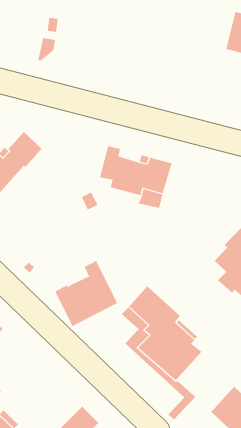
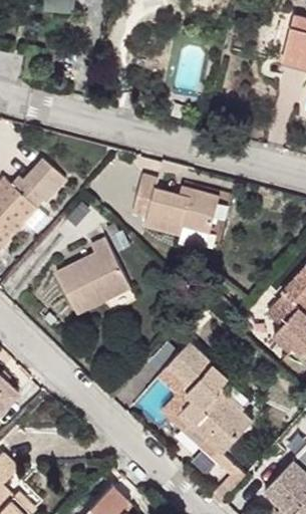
building: [54,260,118,327] -> [55,236,130,315]

